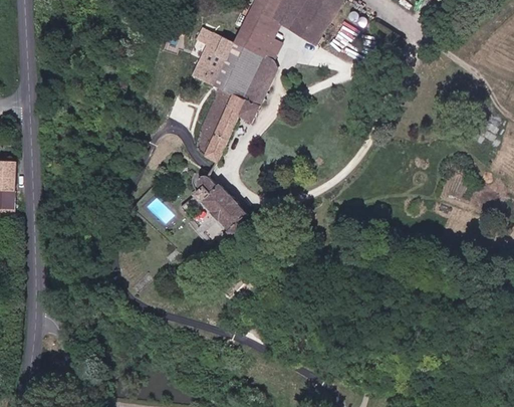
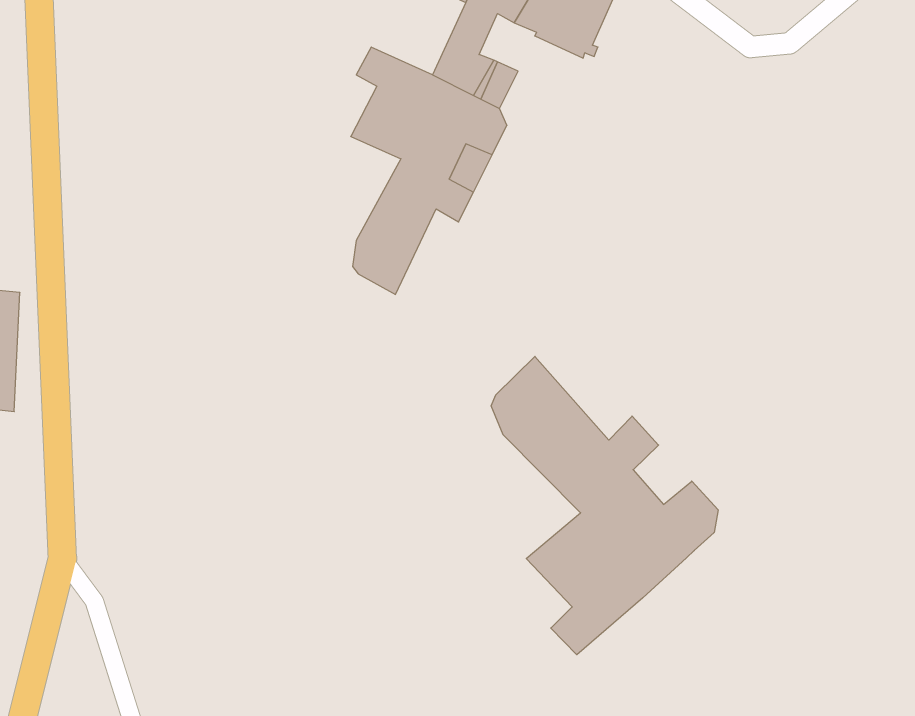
building: [196,175,250,240] -> none
building: none -> [491,356,718,655]

